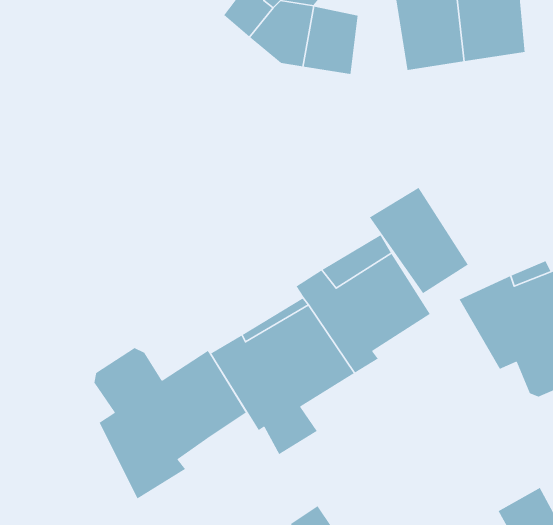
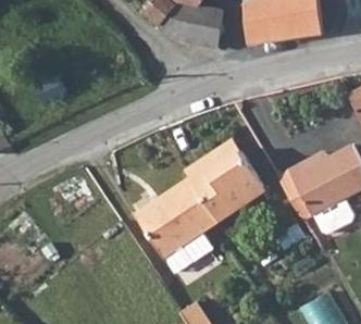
building: [369,187,469,294] -> none
building: [94,347,247,499] -> none

